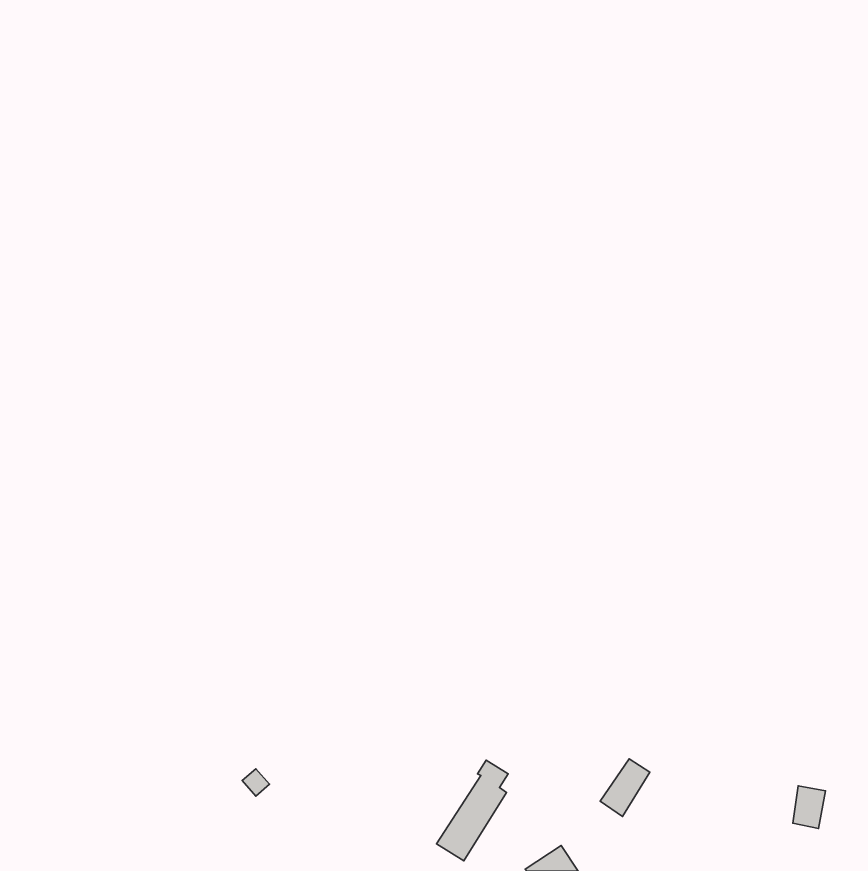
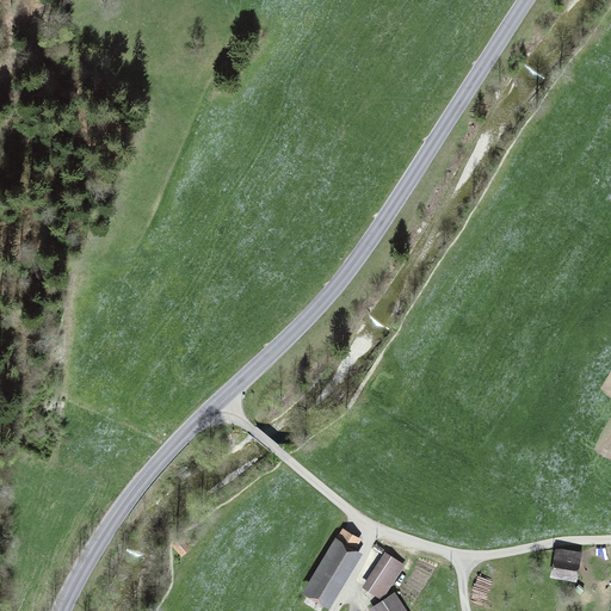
building: [600,759,650,817] -> [365,555,400,595]

